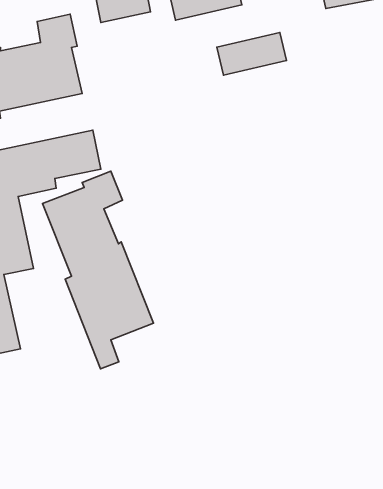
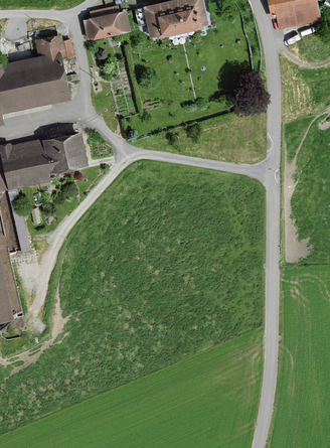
building: [217,33,287,75] -> none
building: [42,171,154,369] -> none

